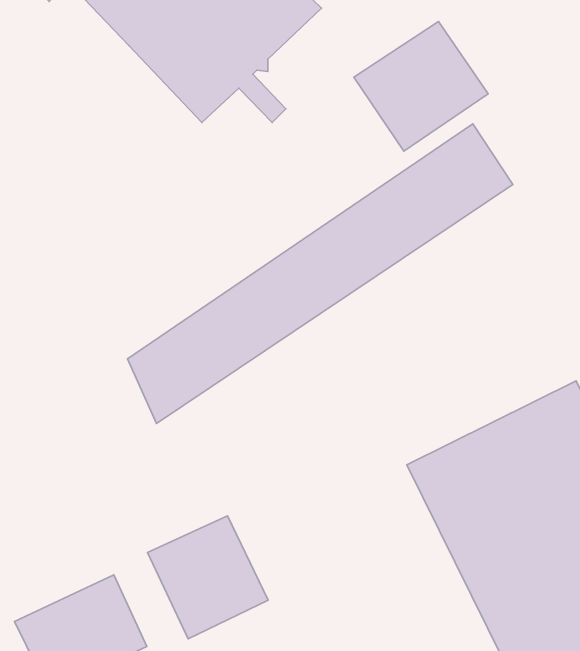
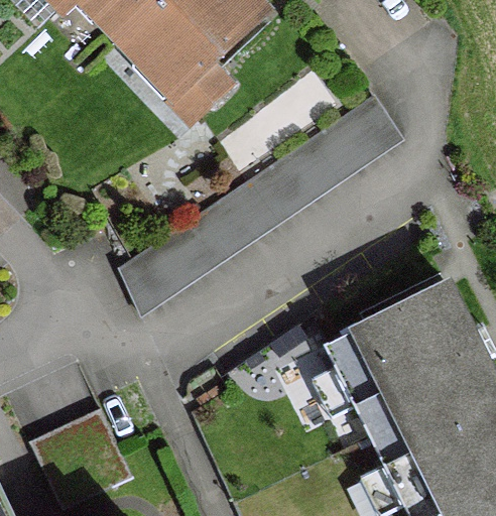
building: [354,21,488,151] -> none
building: [148,516,268,639] -> none

